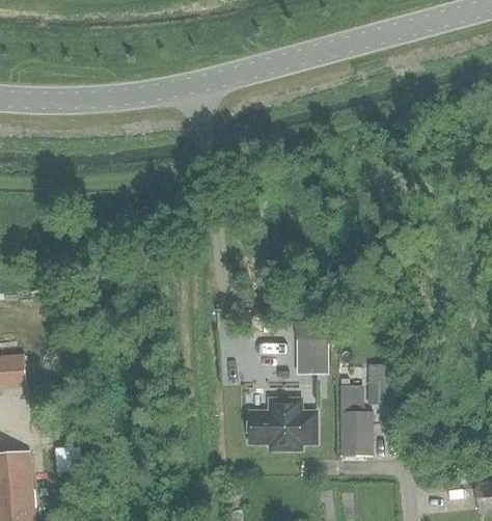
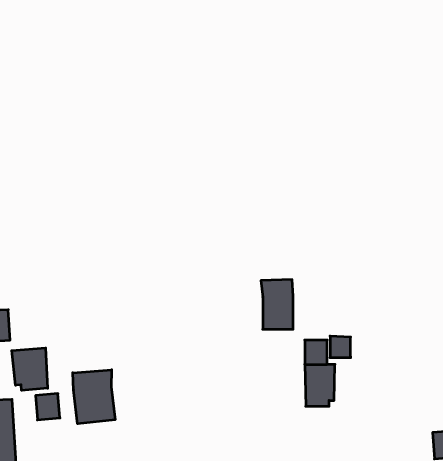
building: none -> [12,348,48,390]
building: [249,401,316,448] -> none
building: none -> [73,370,115,424]

